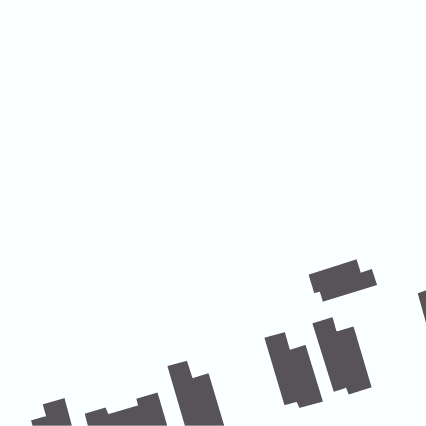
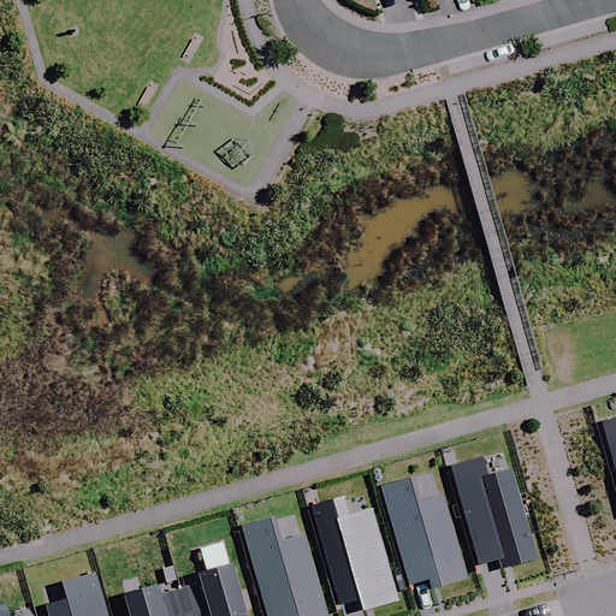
building: [308,259,378,303] -> none
building: none -> [313,497,398,609]

